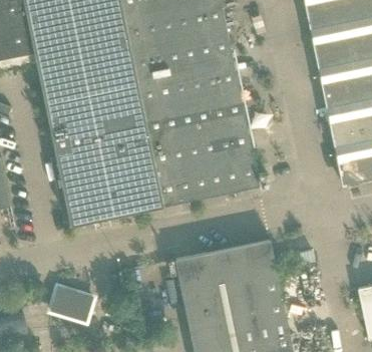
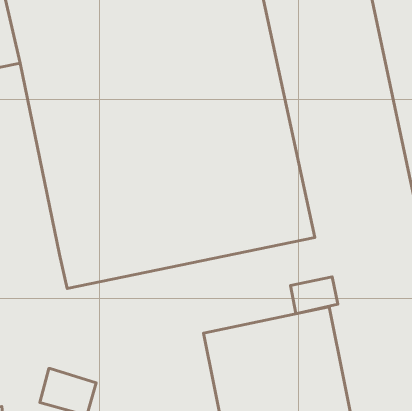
building: none -> [290,277,338,314]

